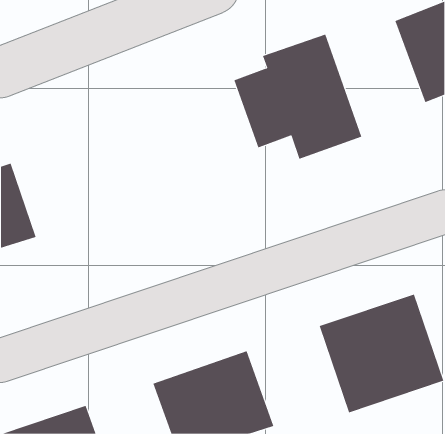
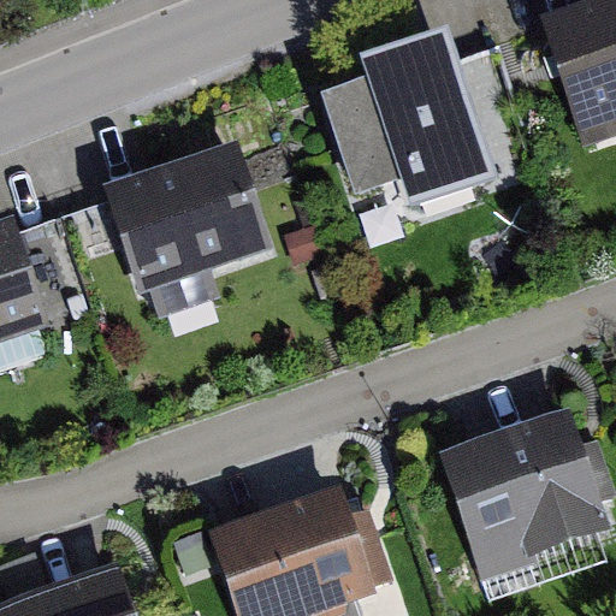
building: none -> [106,150,273,315]

